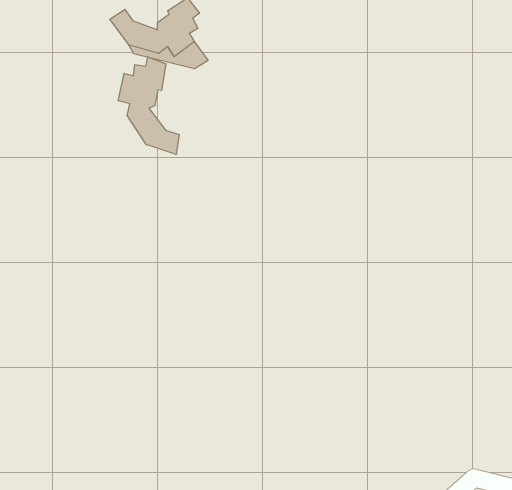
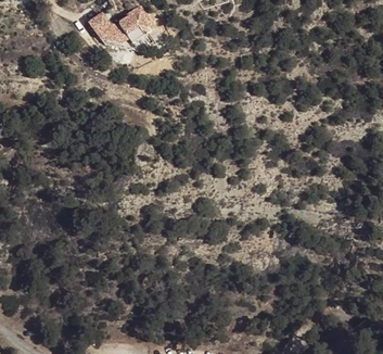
building: [118,57,179,155] -> none

